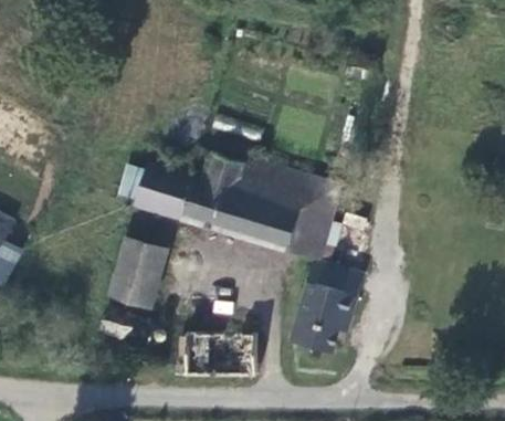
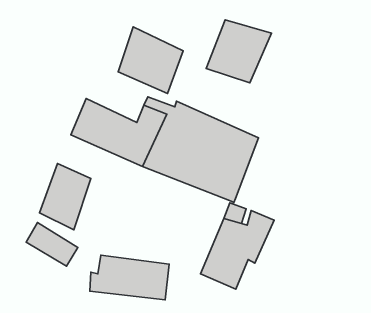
building: none -> [206,20,272,83]
building: none -> [118,27,183,94]

